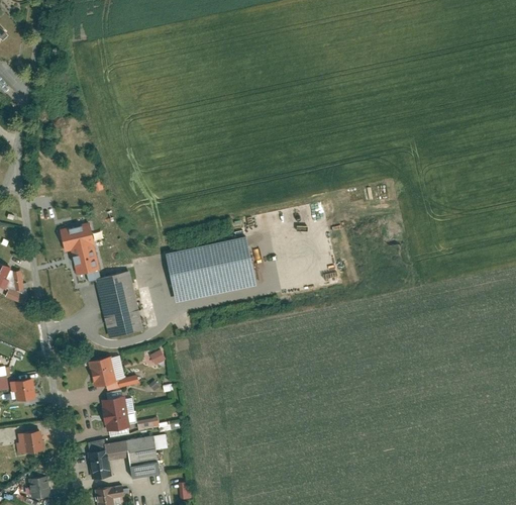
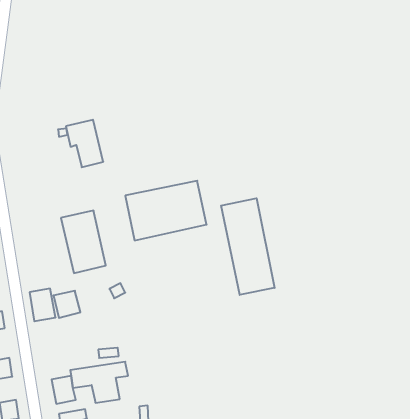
building: [61,224,101,276] -> [66,120,103,167]
building: none -> [221,198,275,295]
building: [102,397,130,432] -> [30,289,56,321]

